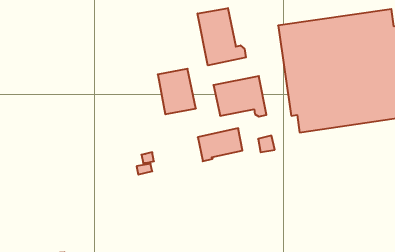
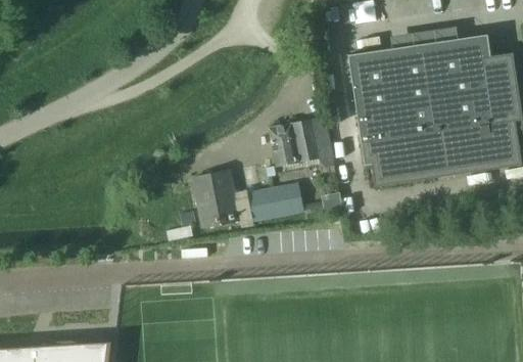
building: [198,8,246,65] -> none
building: [158,69,196,114] -> [193,172,240,228]

